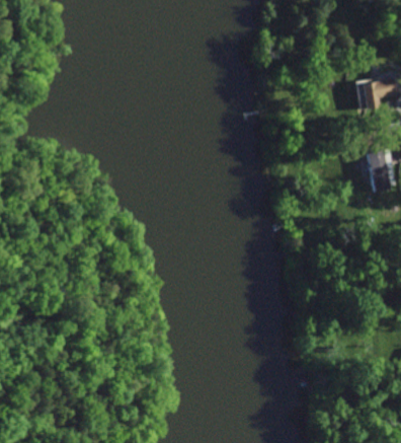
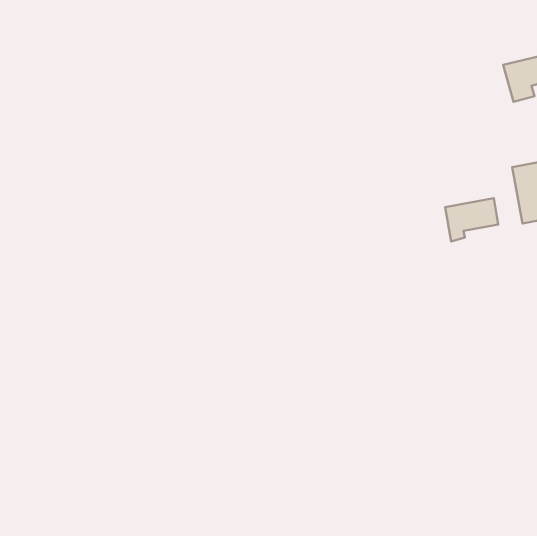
building: none -> [445,198,498,241]

